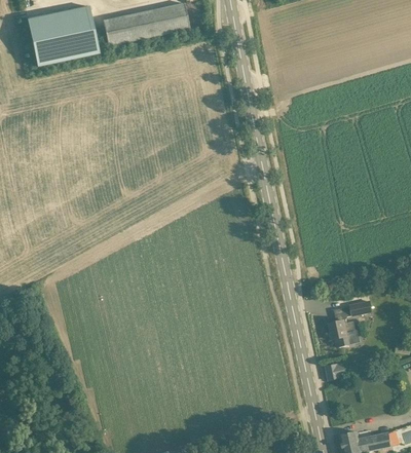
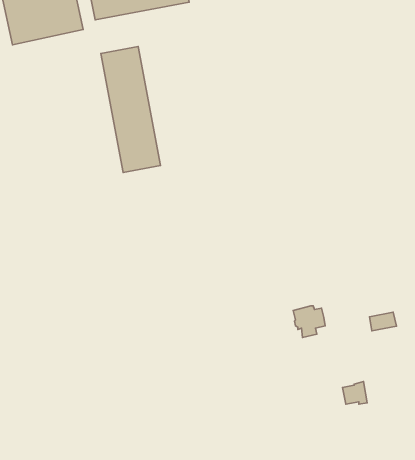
building: none -> [101,47,160,172]
building: [328,318,356,346] -> [293,306,325,338]

